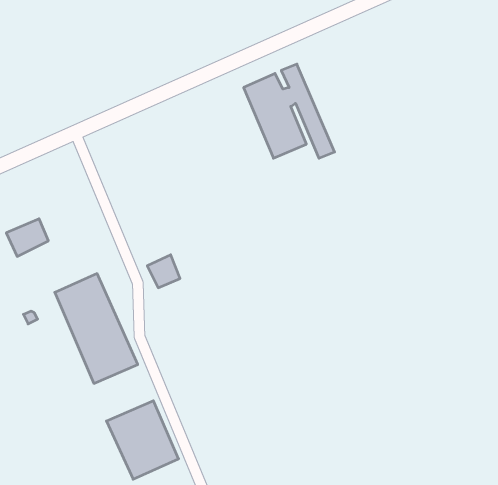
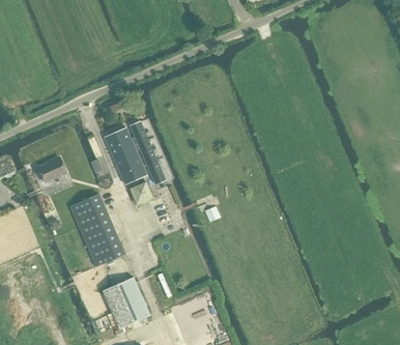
building: [244,64,335,158] -> [105,121,165,183]

